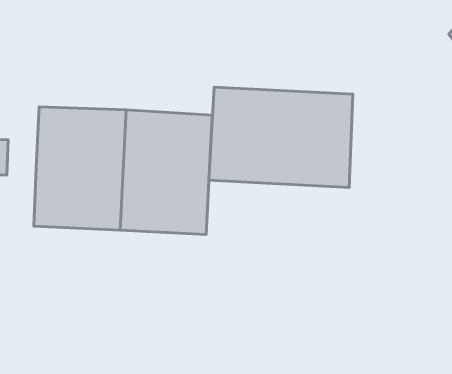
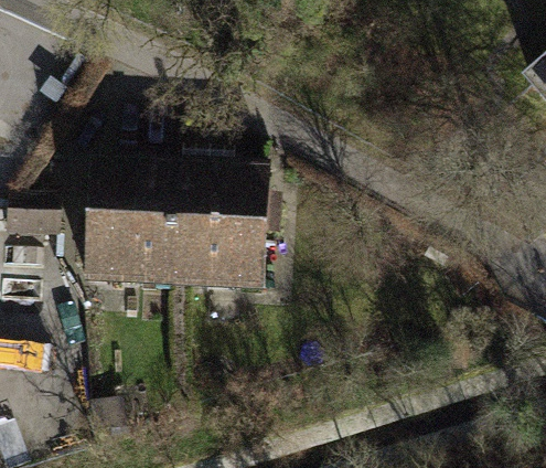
building: [209,87,353,187] -> none

